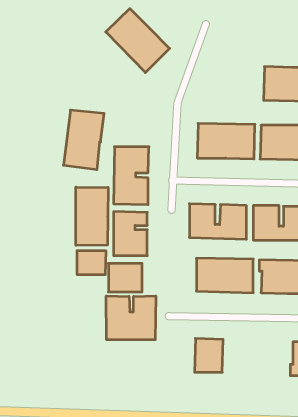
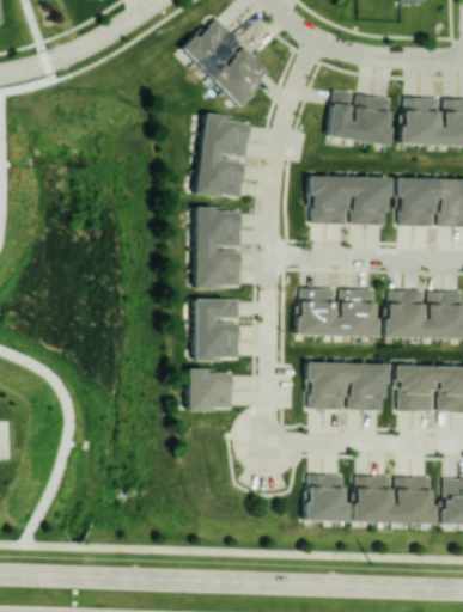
building: none -> [327,88,395,146]
building: [63,110,104,170] -> [195,115,251,197]
building: [76,187,108,245] -> none
building: [77,251,106,275] -> none
building: [106,296,156,340] -> none
building: none -> [354,475,434,522]

